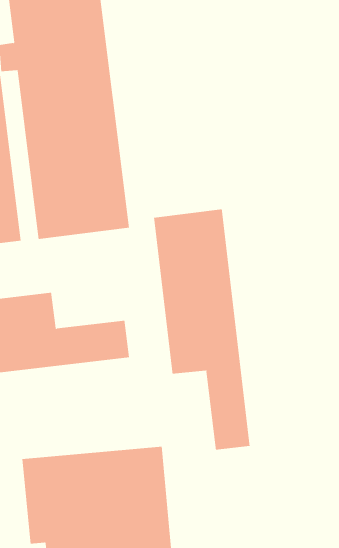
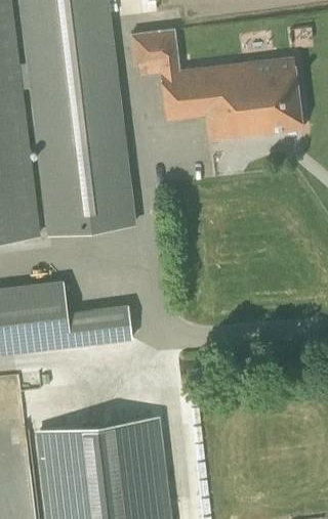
building: none -> [130,32,302,142]
building: [154,208,250,450] -> none

